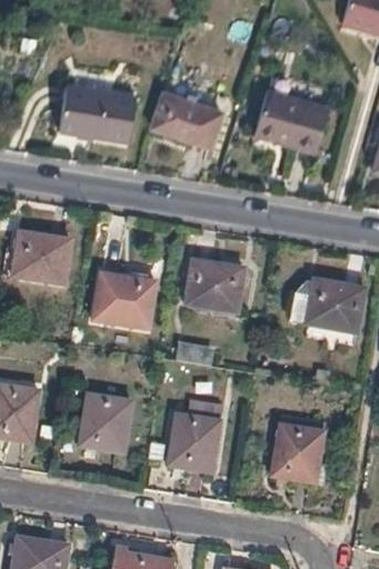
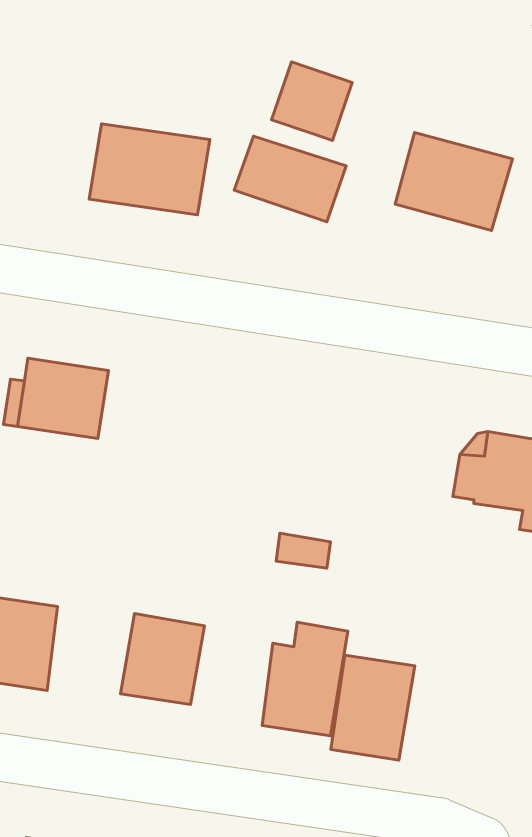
building: none -> [272,62,352,140]
building: [187,260,245,312] -> none
building: [93,273,157,329] -> none
building: [272,416,326,482] -> [331,655,415,760]

